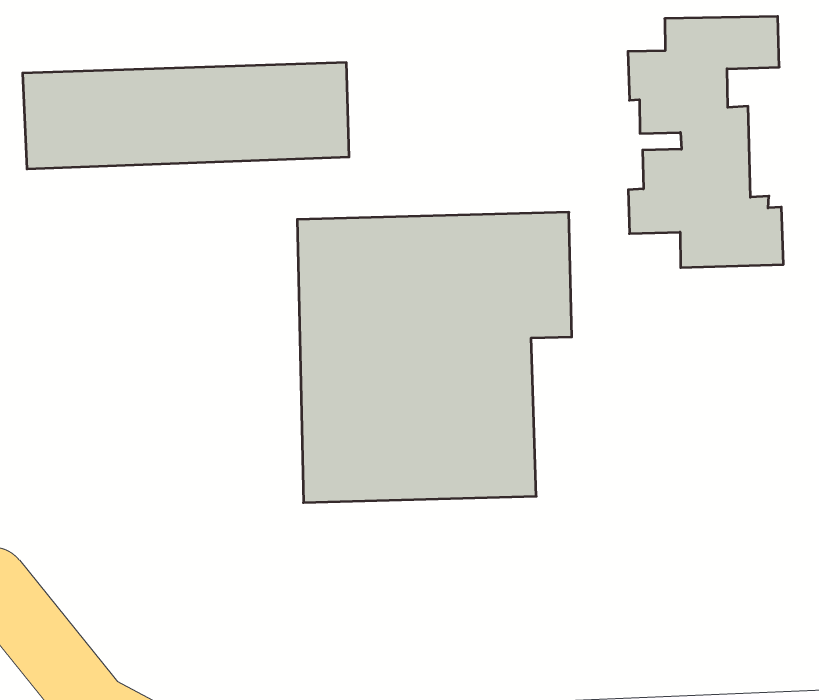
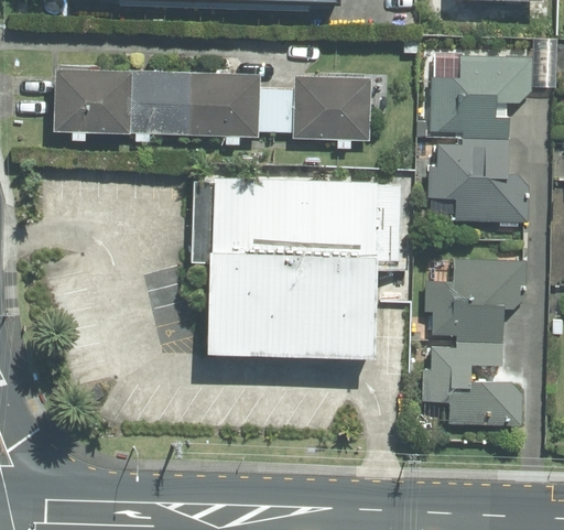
building: none -> [285,73,364,139]
building: none -> [423,259,523,428]

